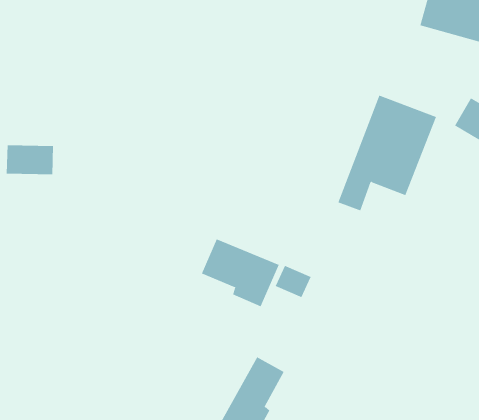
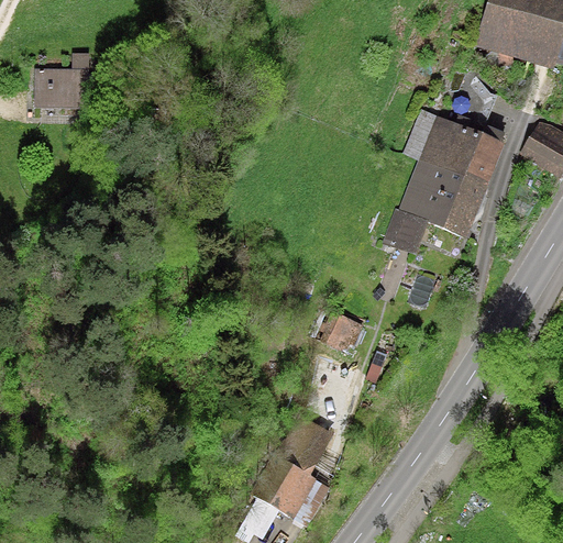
building: [6,145,54,175] -> [36,71,91,106]
building: [201,238,279,307] -> none

